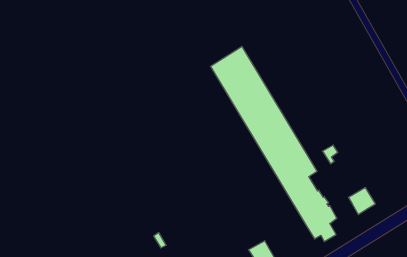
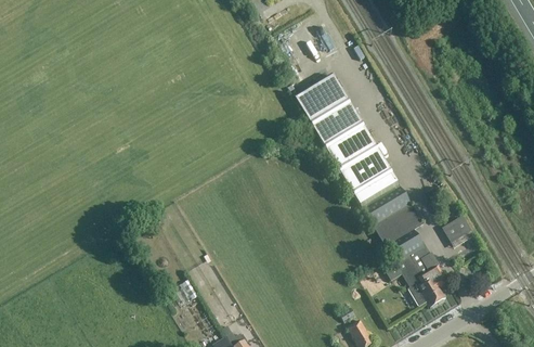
building: [348,188,375,215] -> [442,216,474,248]

